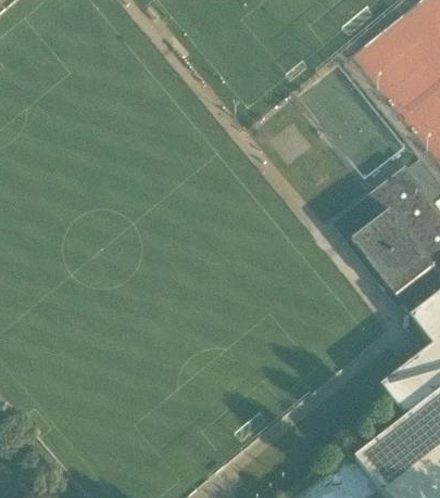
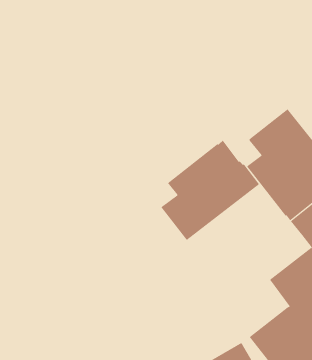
building: none -> [161,140,260,241]

